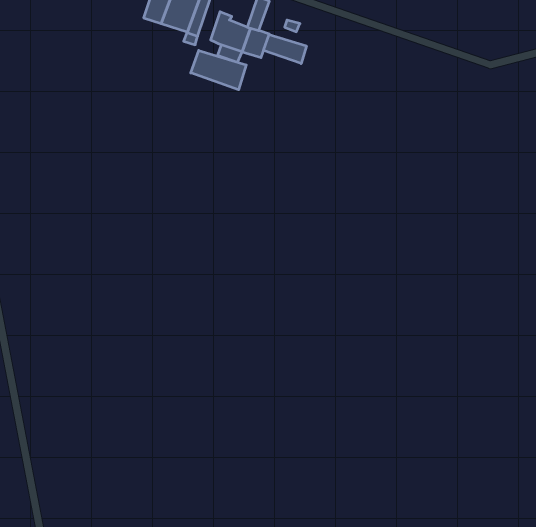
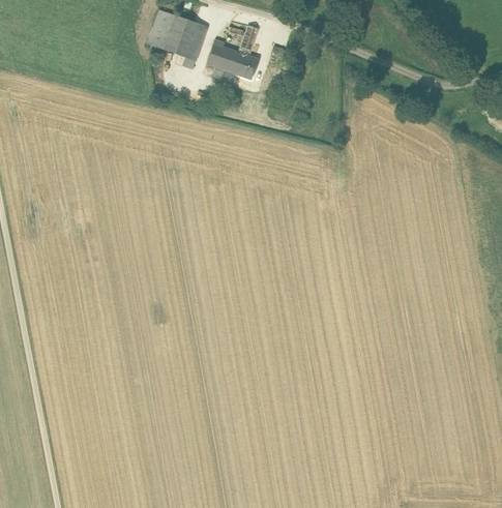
building: [264,34,306,64] -> none
building: [191,50,246,90] -> none

